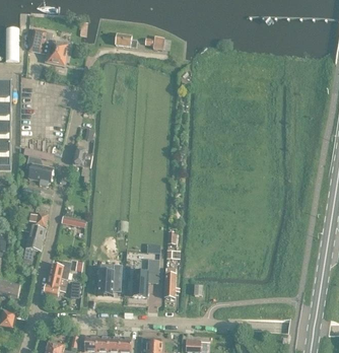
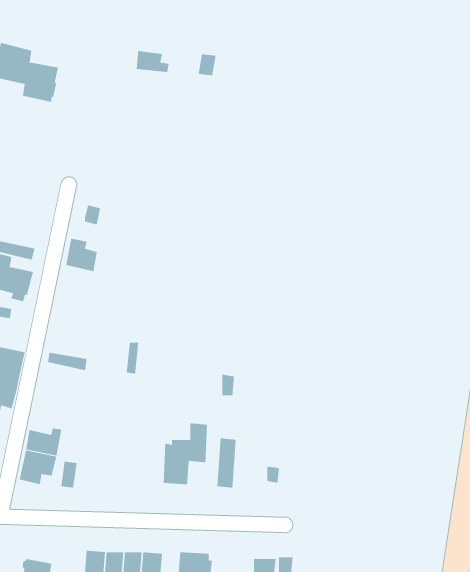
building: [96,264,121,295] -> none

